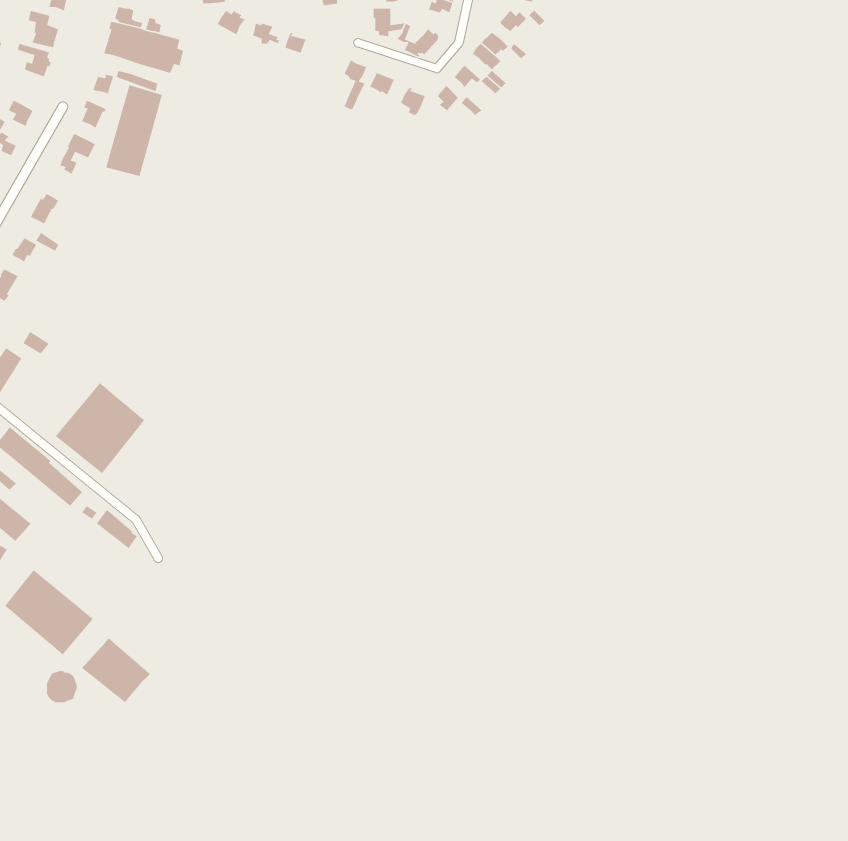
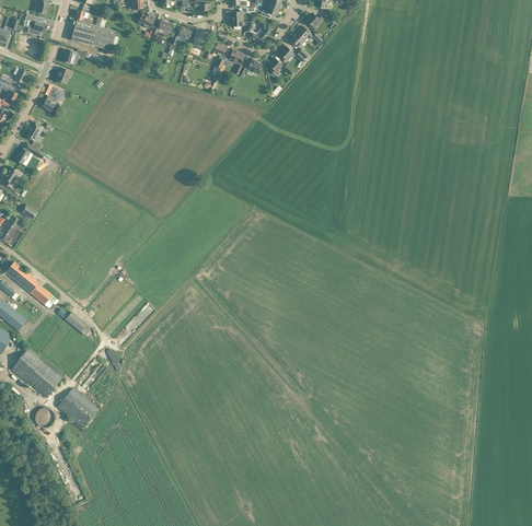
building: [105,84,163,177] -> none
building: [55,382,145,474] -> none

